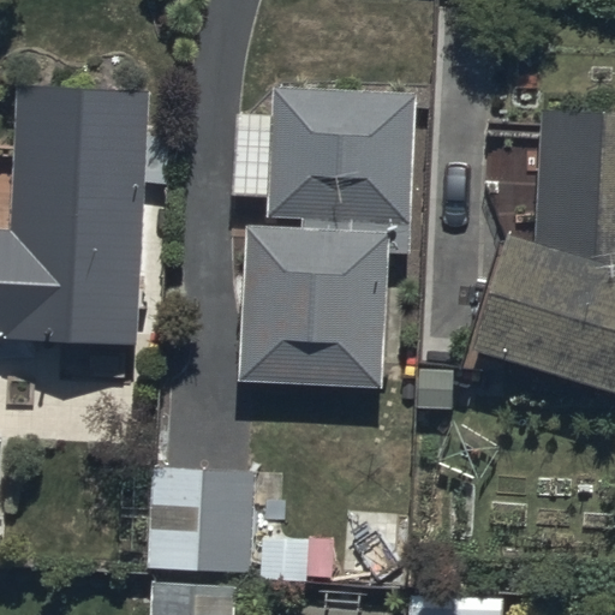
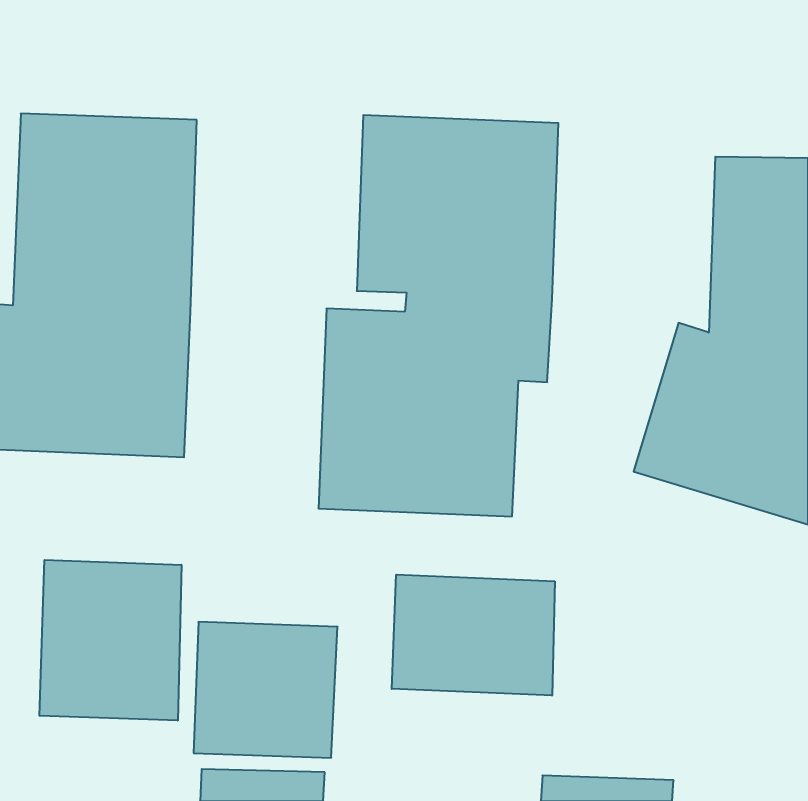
building: none -> [39,560,181,721]
building: none -> [392,575,555,696]

